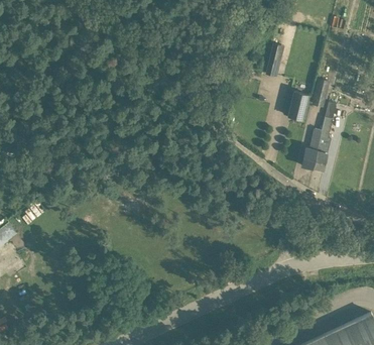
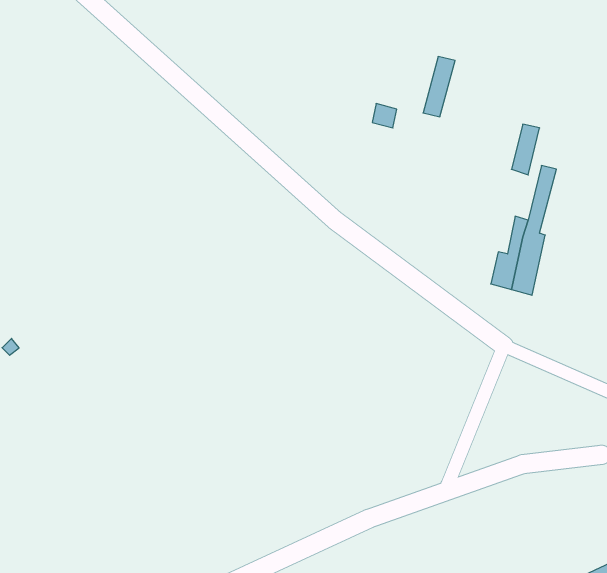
building: [287,92,308,120] -> none

